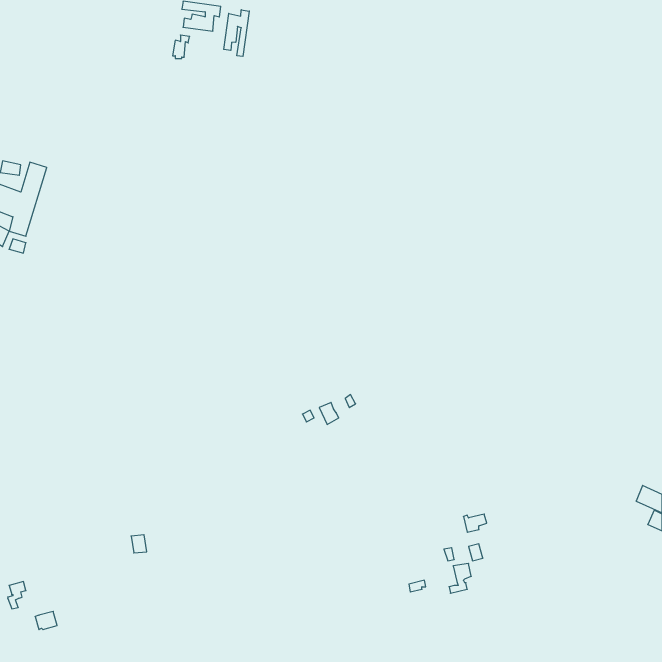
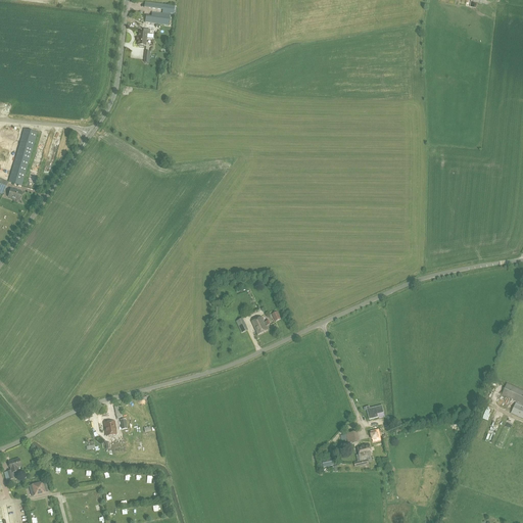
building: [224,10,249,56] -> none

